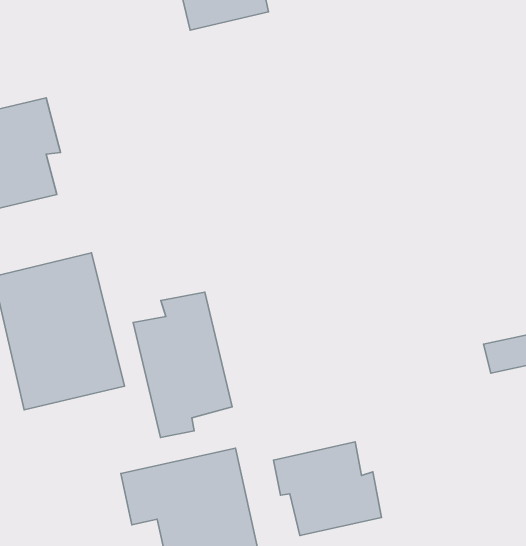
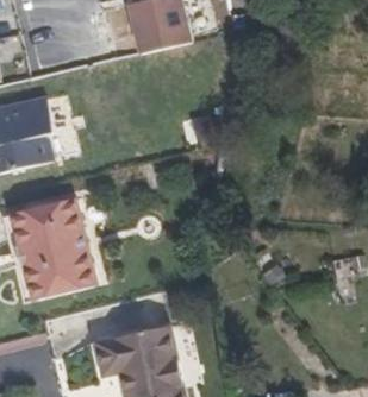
building: [133,292,232,438] -> none
building: [274,442,382,536] -> none

